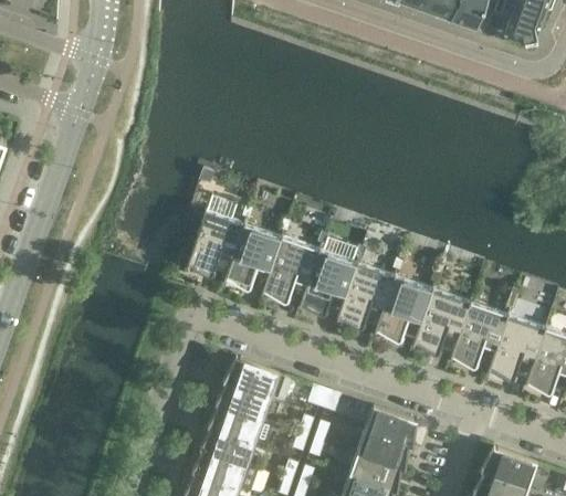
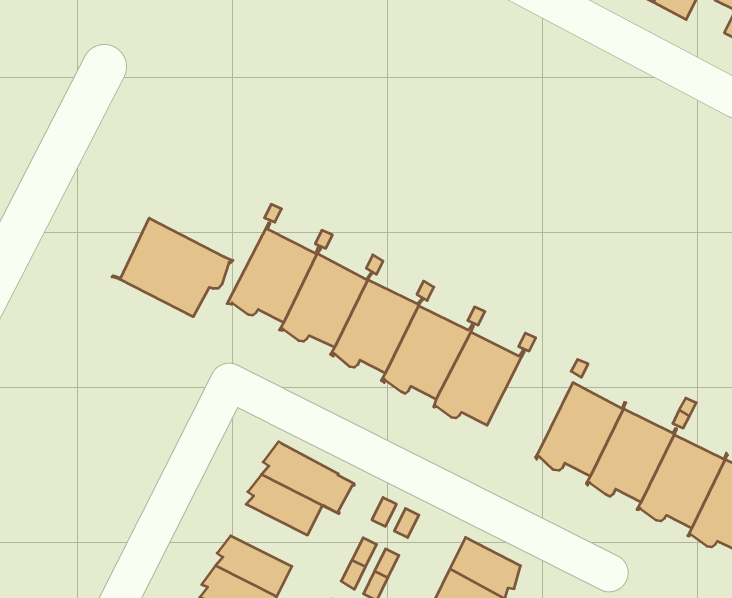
building: none -> [112,218,233,317]
building: [378,277,436,340] -> none
building: [212,405,265,444] -> none

